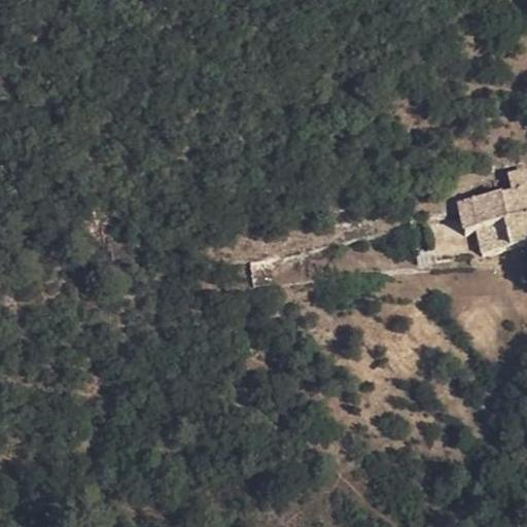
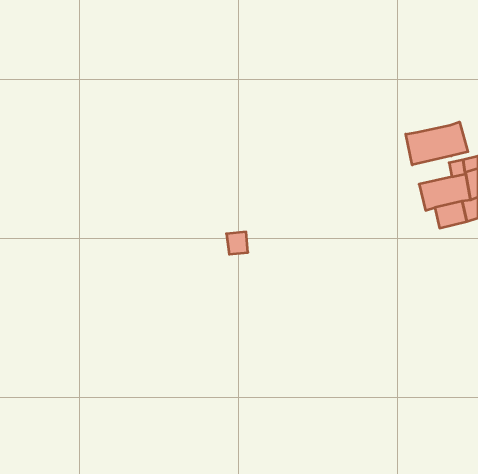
building: none -> [406,122,468,165]

